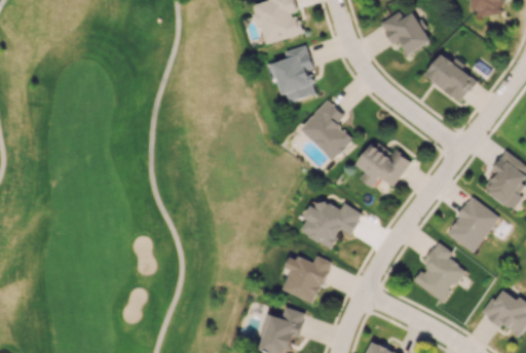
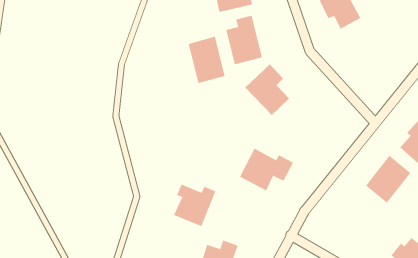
building: [423,53,477,102] -> none
building: none -> [188,36,225,84]
building: [356,141,411,188] -> none
building: [413,241,464,302] -> none
building: [281,254,330,303] -> [173,184,216,227]

